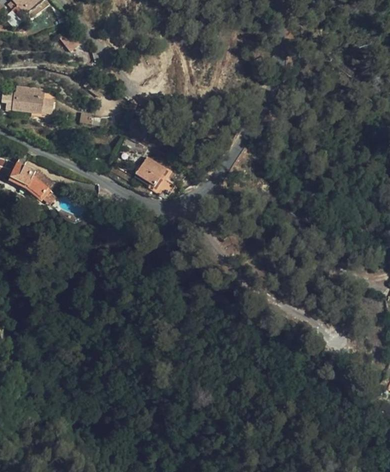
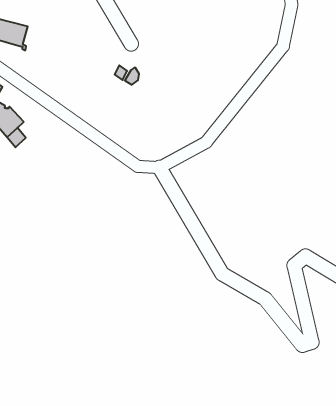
building: [136,156,167,186] -> none

